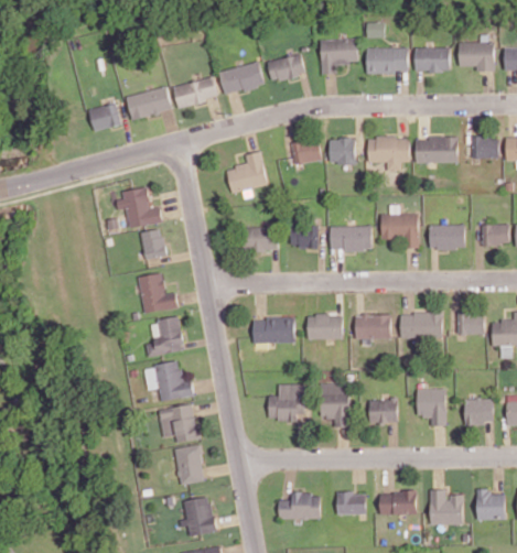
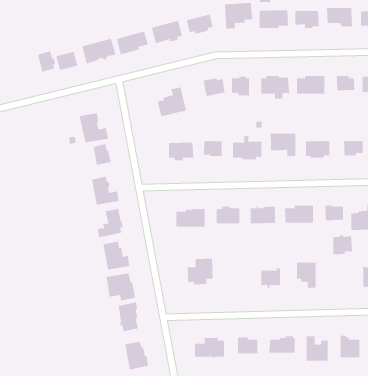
building: none -> [37,51,56,72]
building: [320,384,349,426] -> none
building: [464,398,492,425] -> [332,235,353,255]

